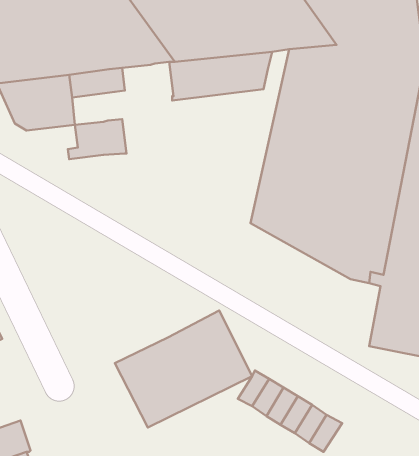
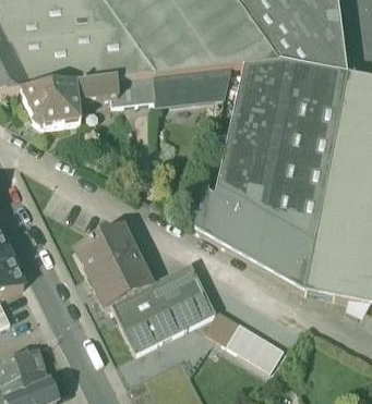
building: [68,119,126,159] -> [111,73,156,103]
building: none -> [194,189,314,290]
building: none -> [75,224,152,306]

